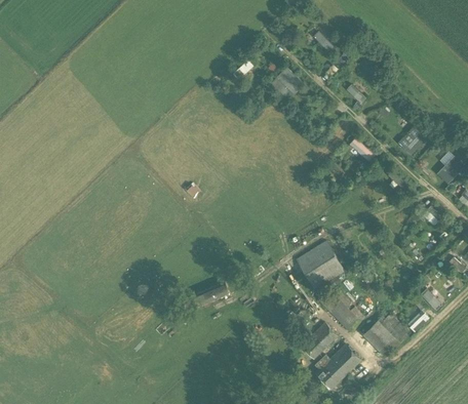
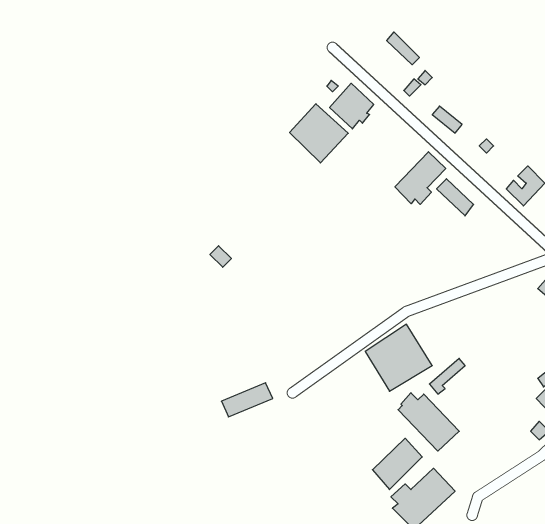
building: none -> [290,104,348,163]
building: none -> [395,152,446,204]
building: [364,314,410,357] -> none

